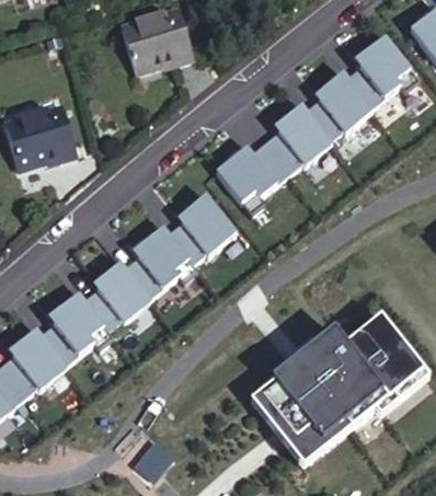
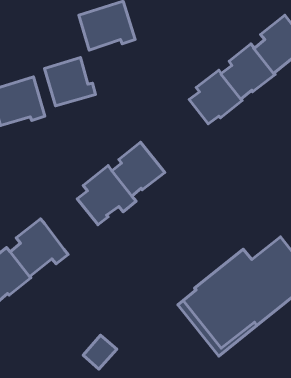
building: none -> [45,58,95,106]
building: [217,140,289,211] -> none
building: [83,259,149,328] -> none

